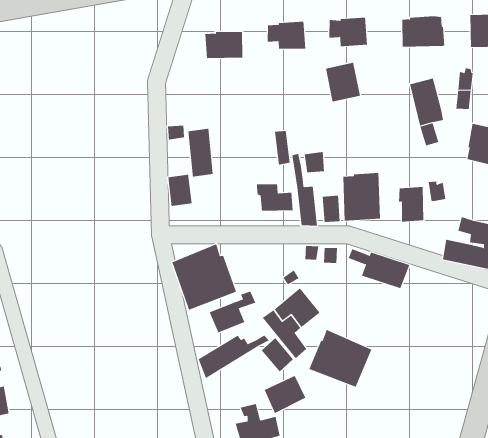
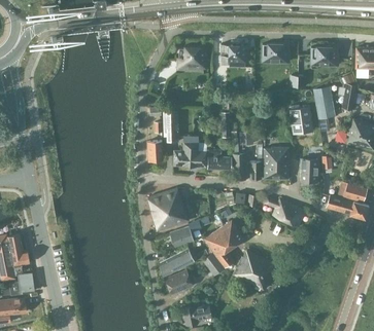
building: [325,62,361,102] -> [291,107,313,133]
building: none -> [174,136,207,165]
building: [264,375,306,414] -> [166,269,194,294]

